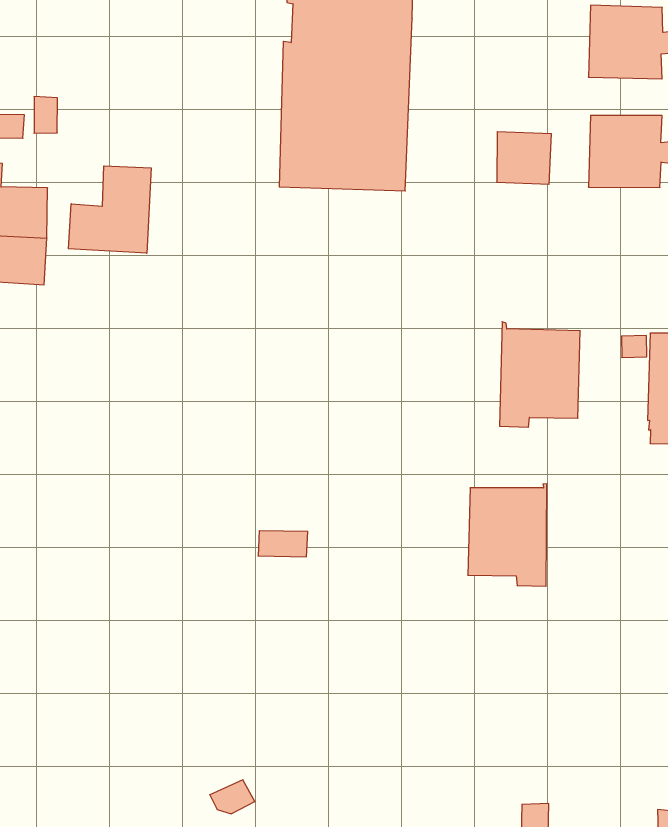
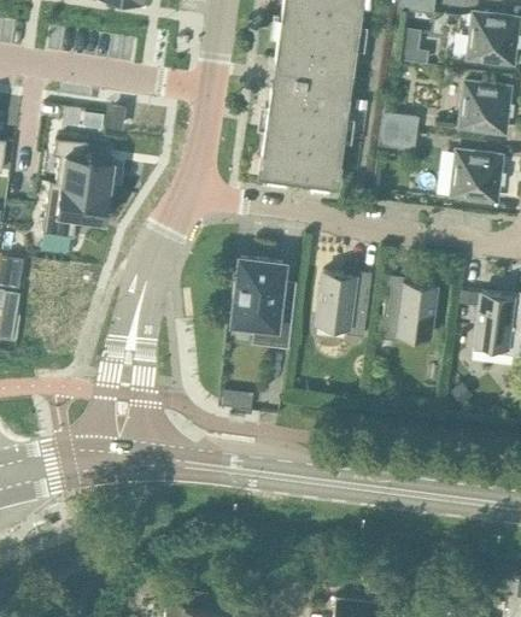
building: [497,132,551,184] -> [381,114,418,151]
building: [68,166,151,253] -> none
building: none -> [233,259,295,349]
building: [468,484,547,586] -> [316,271,371,337]

